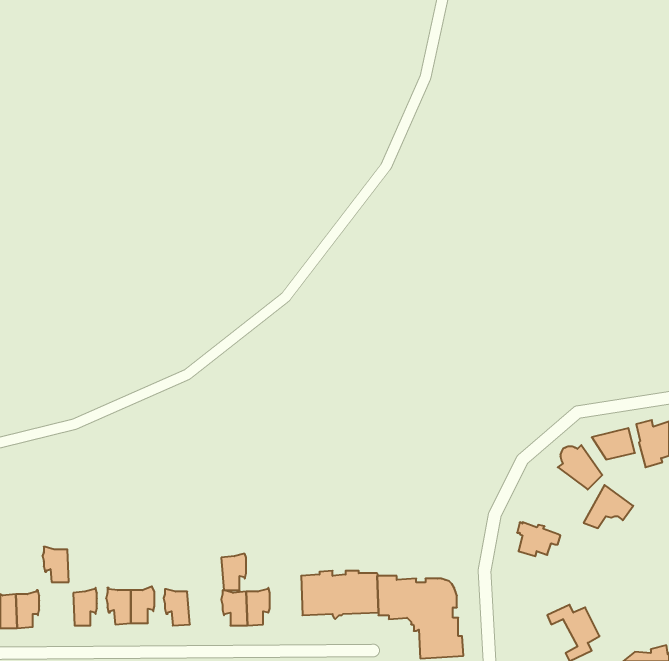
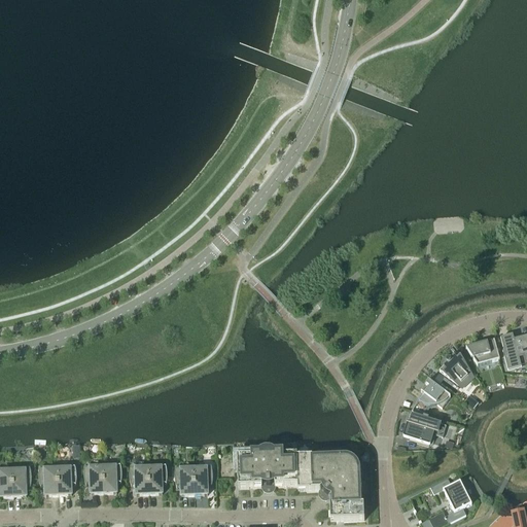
building: [584,485,633,528] -> [411,377,450,411]
building: [42,547,69,582] -> [38,464,59,492]
building: [221,554,246,590] -> [147,462,167,491]

